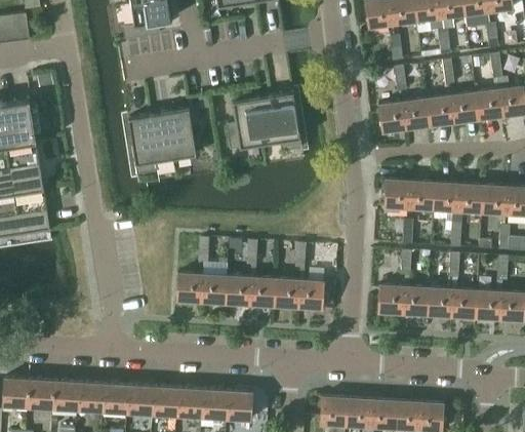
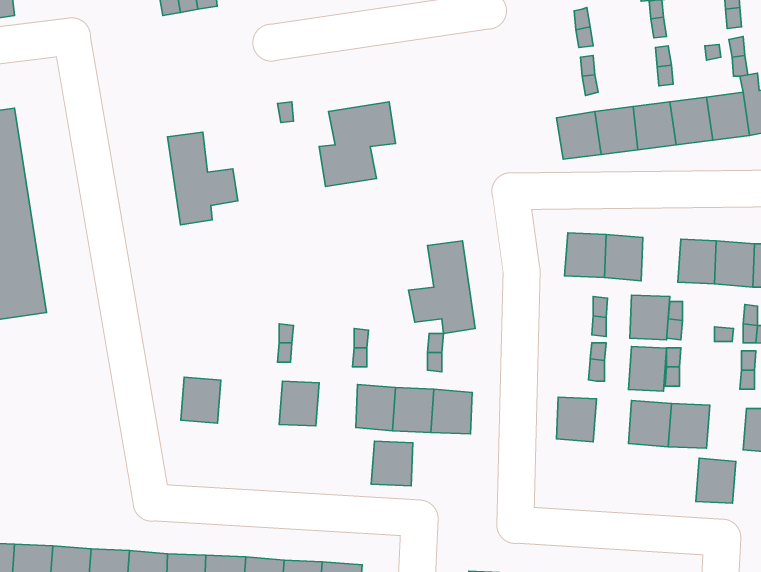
building: [258,91,301,151] -> [408,241,475,333]
building: [151,108,196,158] -> none
building: [433,182,458,210] -> [630,295,670,340]
building: [176,272,202,302] -> [181,377,221,423]
building: [224,275,250,304] -> [371,441,413,486]
building: [402,285,427,314] -> [628,346,667,391]
building: [475,289,500,318] -> [696,458,736,503]

